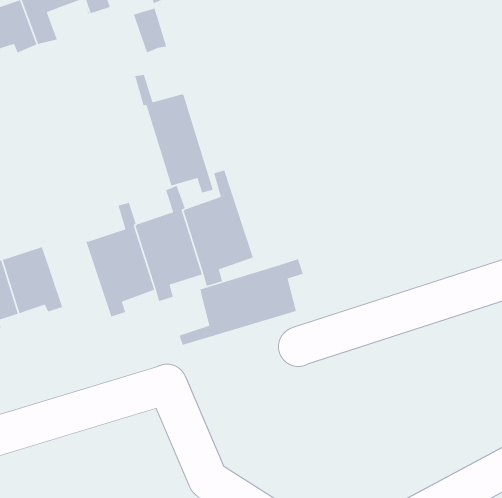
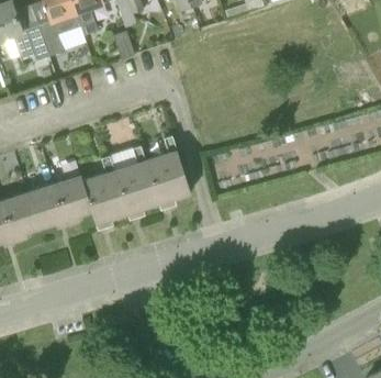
building: [134,74,214,193] -> none
building: none -> [54,176,91,224]
building: [178,258,304,346] -> none

